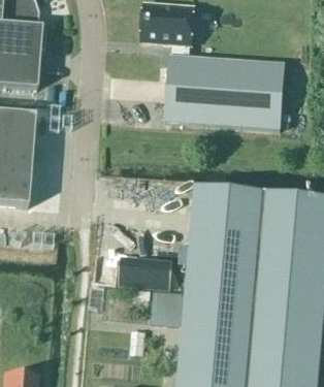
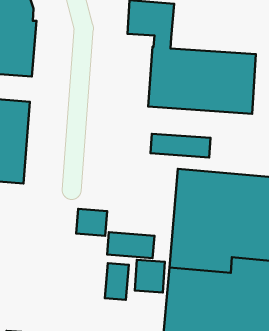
building: none -> [150,134,211,158]
building: none -> [76,209,107,236]
building: none -> [105,263,129,300]

